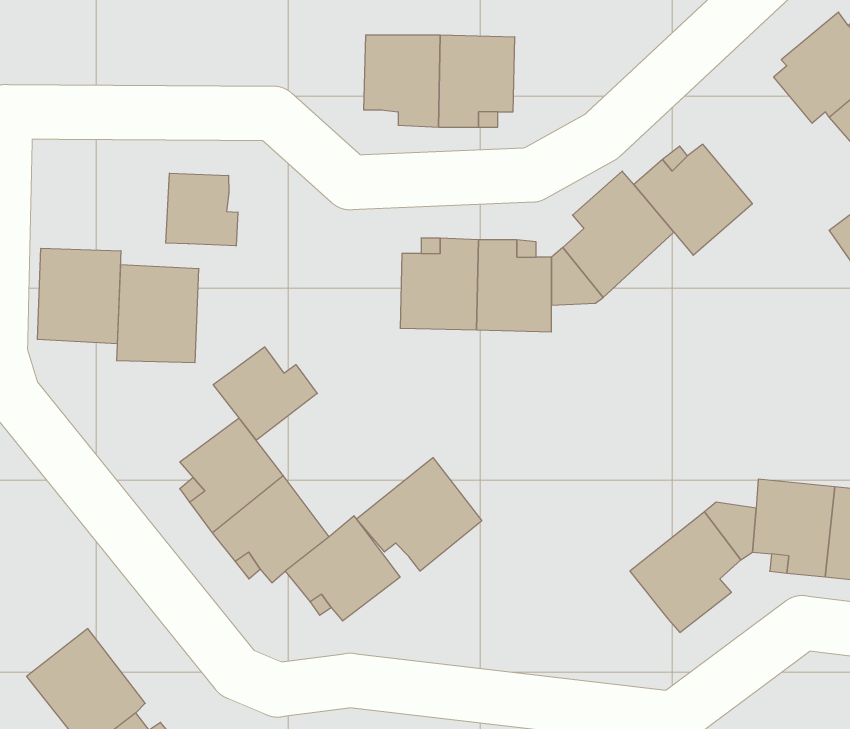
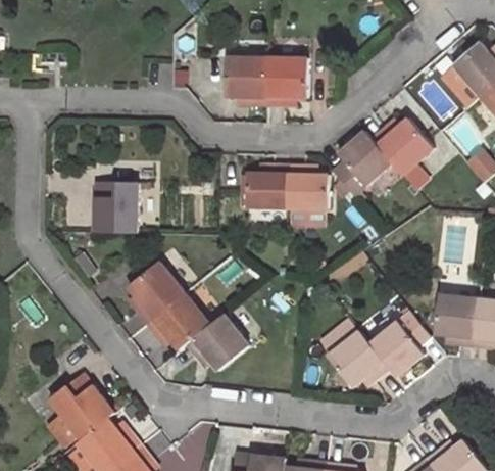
building: [166,173,238,246] -> none
building: [37,248,121,344] -> none
building: [213,347,317,440] -> none
building: [357,458,482,571] -> none
building: none -> [328,331,389,387]

